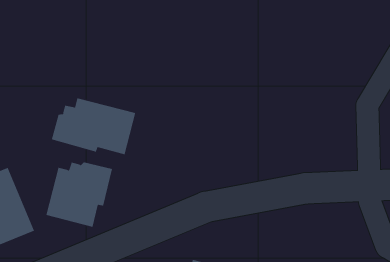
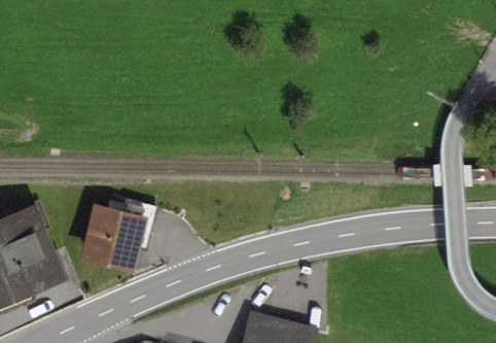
building: [51,97,136,155] -> none

